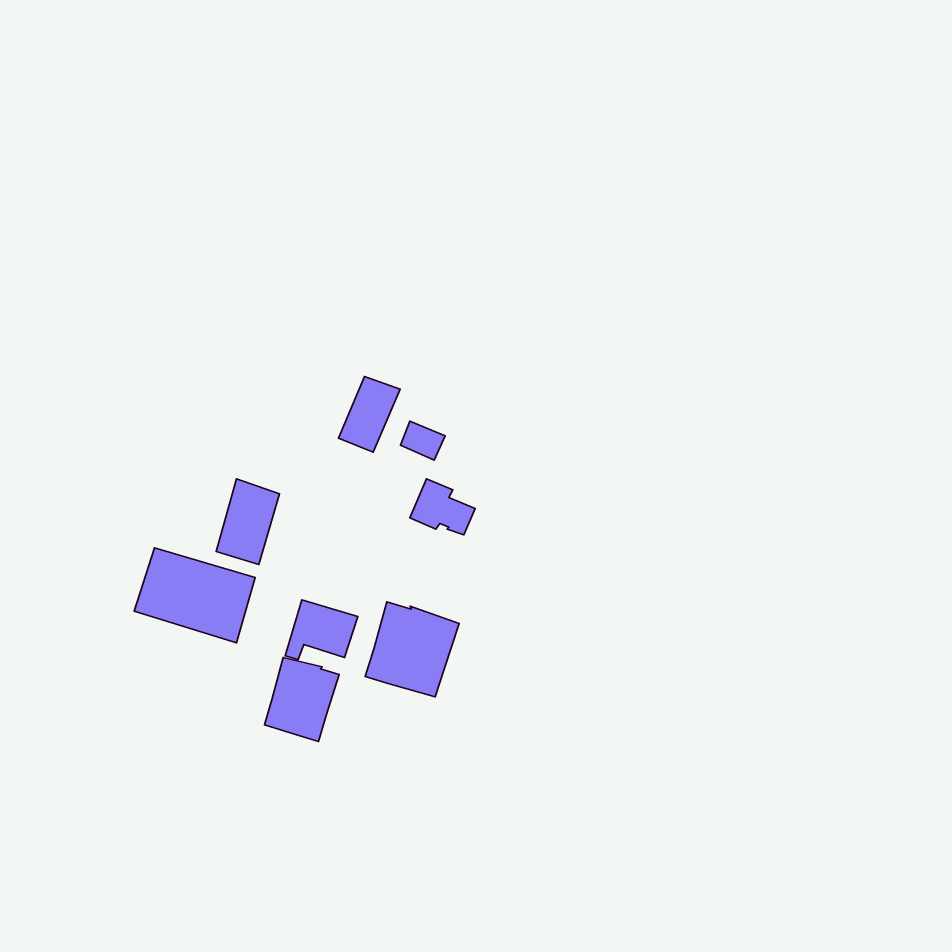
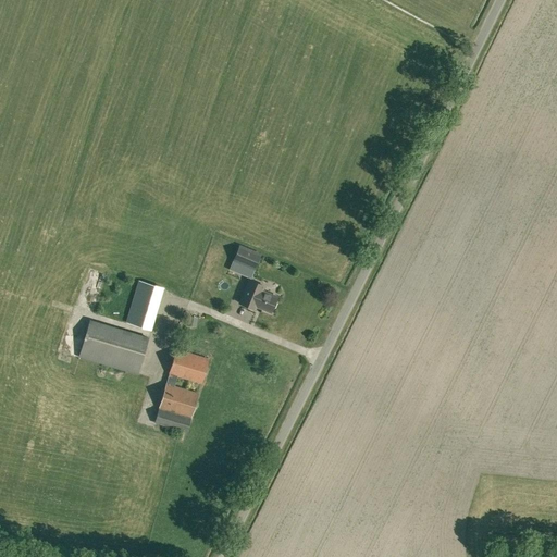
building: [339,377,400,452] -> none
building: [365,602,459,697] -> none

